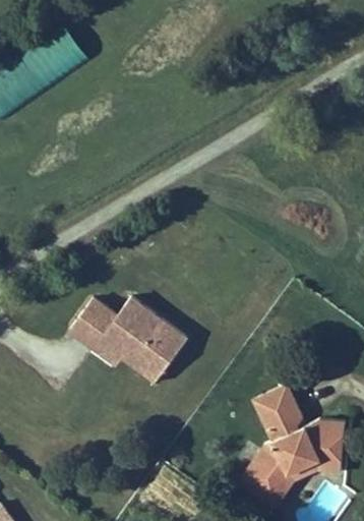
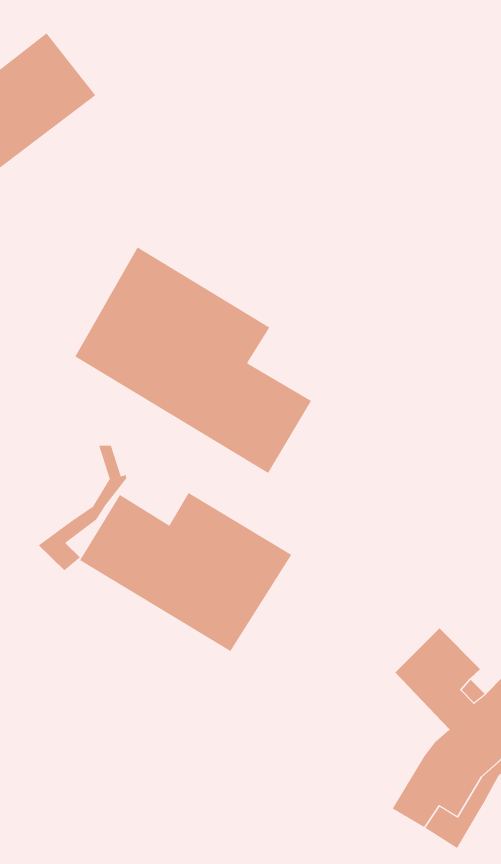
building: none -> [74,247,312,474]
building: none -> [38,445,127,571]

